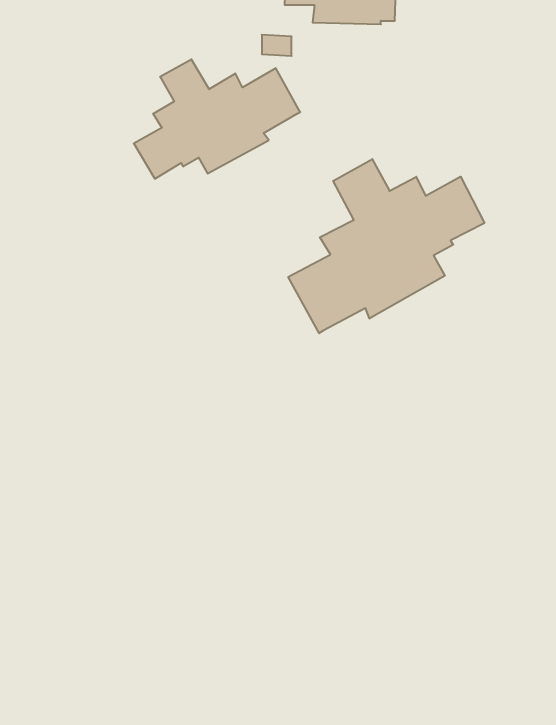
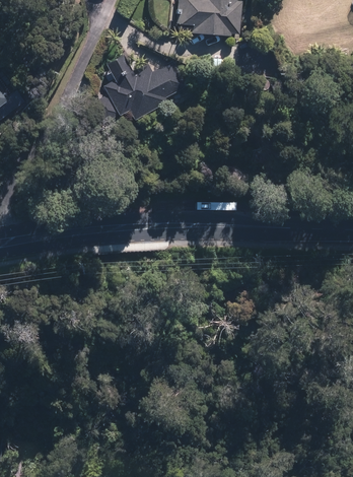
building: [288,159,484,333] -> none

